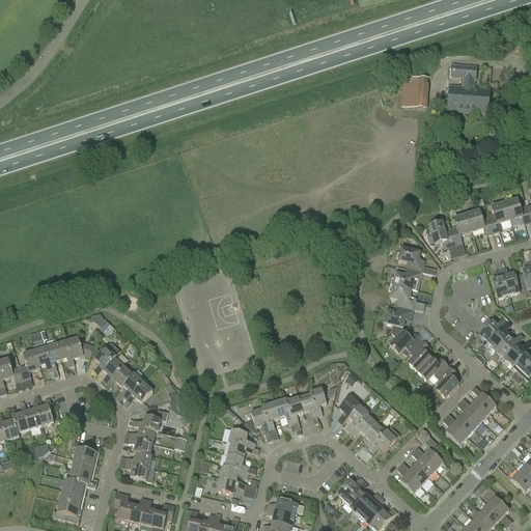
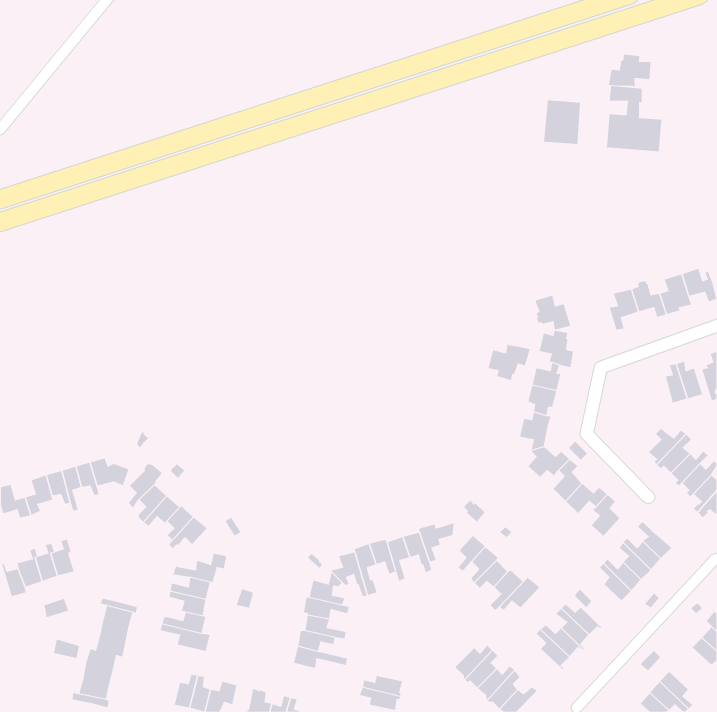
building: none -> [609,54,651,87]
building: [428,221,455,247] -> [535,295,571,330]
building: none -> [488,343,531,381]
building: [109,492,133,521] -> none

